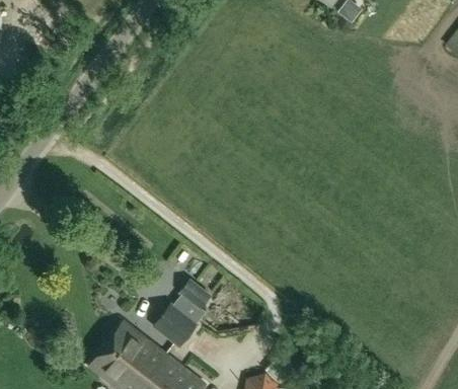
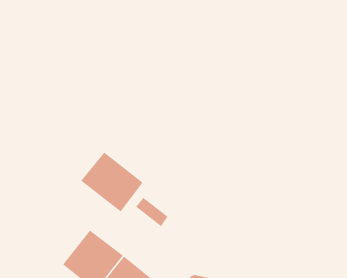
building: none -> [80,152,144,213]
building: [154,305,197,347] -> none

